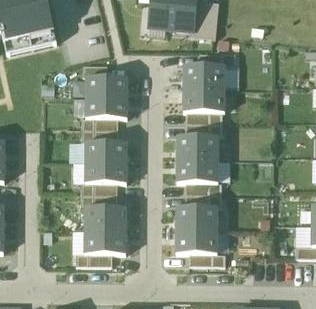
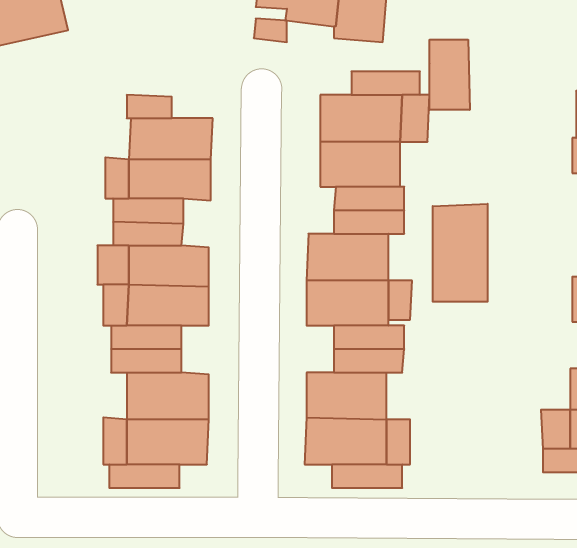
building: none -> [430,40,470,110]
building: none -> [433,204,488,302]

